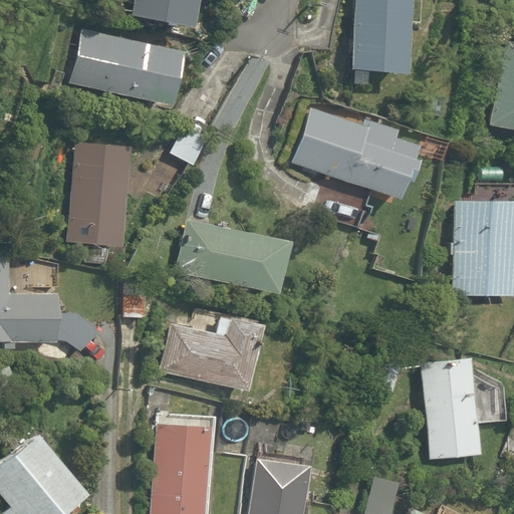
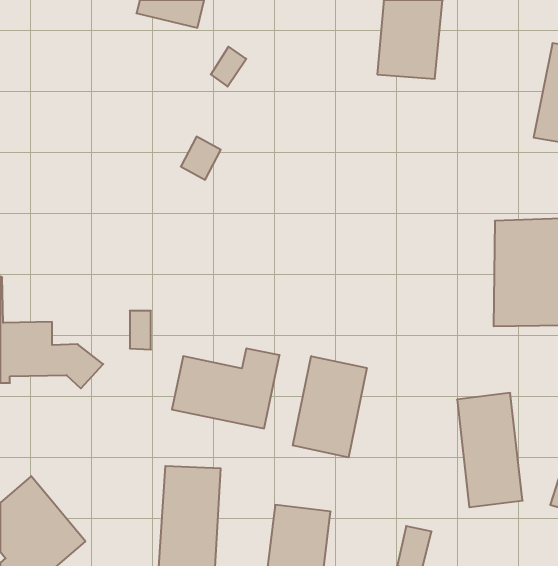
building: [74,30,181,103] -> none
building: [293,107,415,198] -> none
building: [69,142,131,265] -> none
building: [177,219,286,292] -> none
building: none -> [293,356,367,457]

